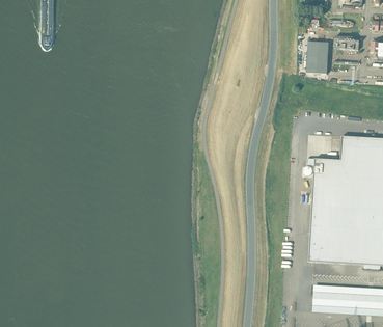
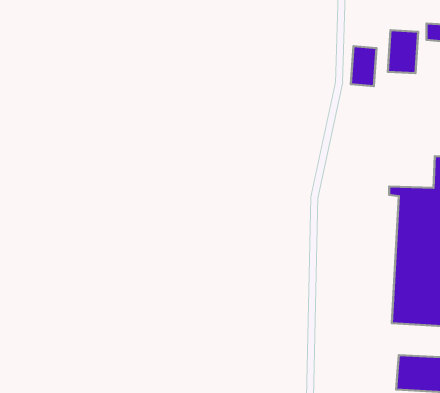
building: none -> [351,46,376,86]

